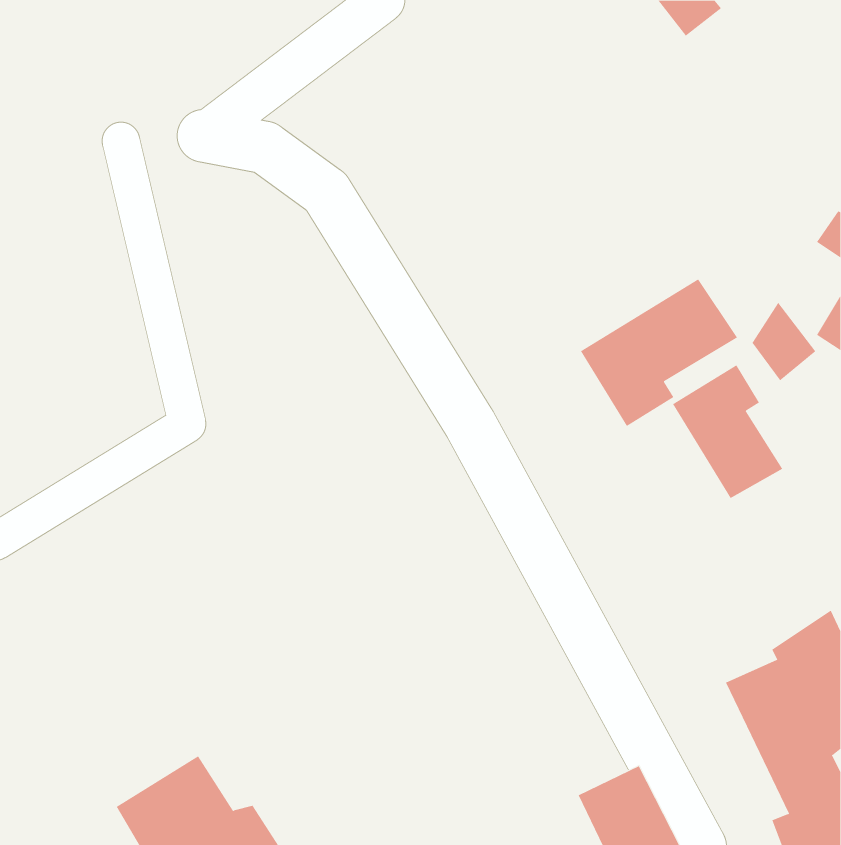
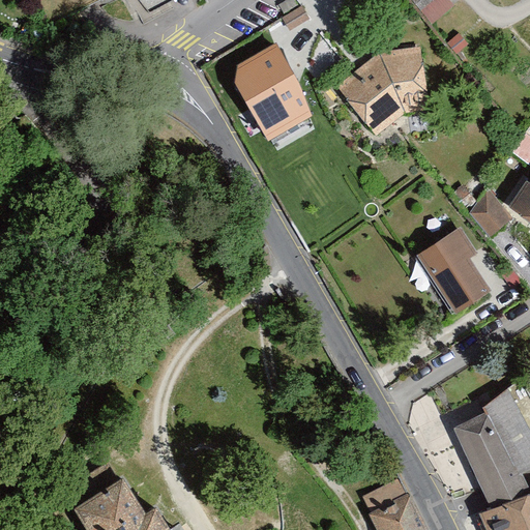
building: none -> [232,47,312,144]
building: none -> [336,48,428,136]
building: [580,278,738,427] -> none

